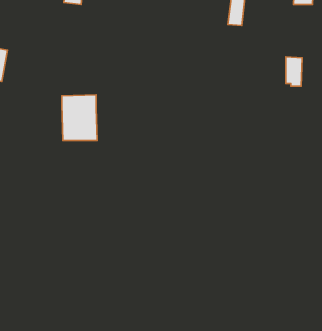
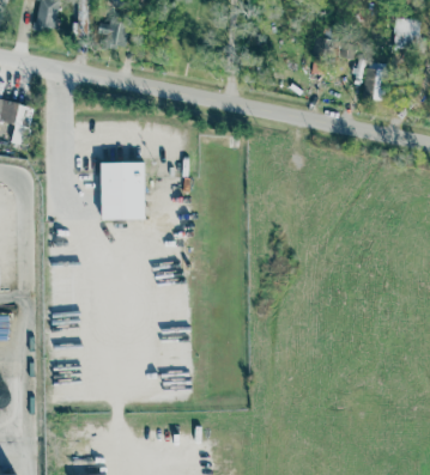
building: [286,57,302,86] -> [364,62,384,99]

